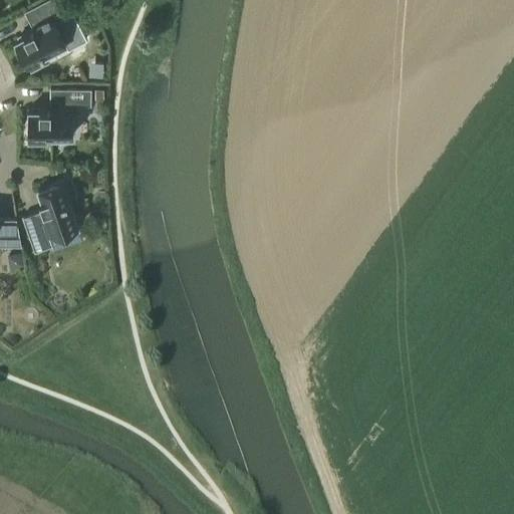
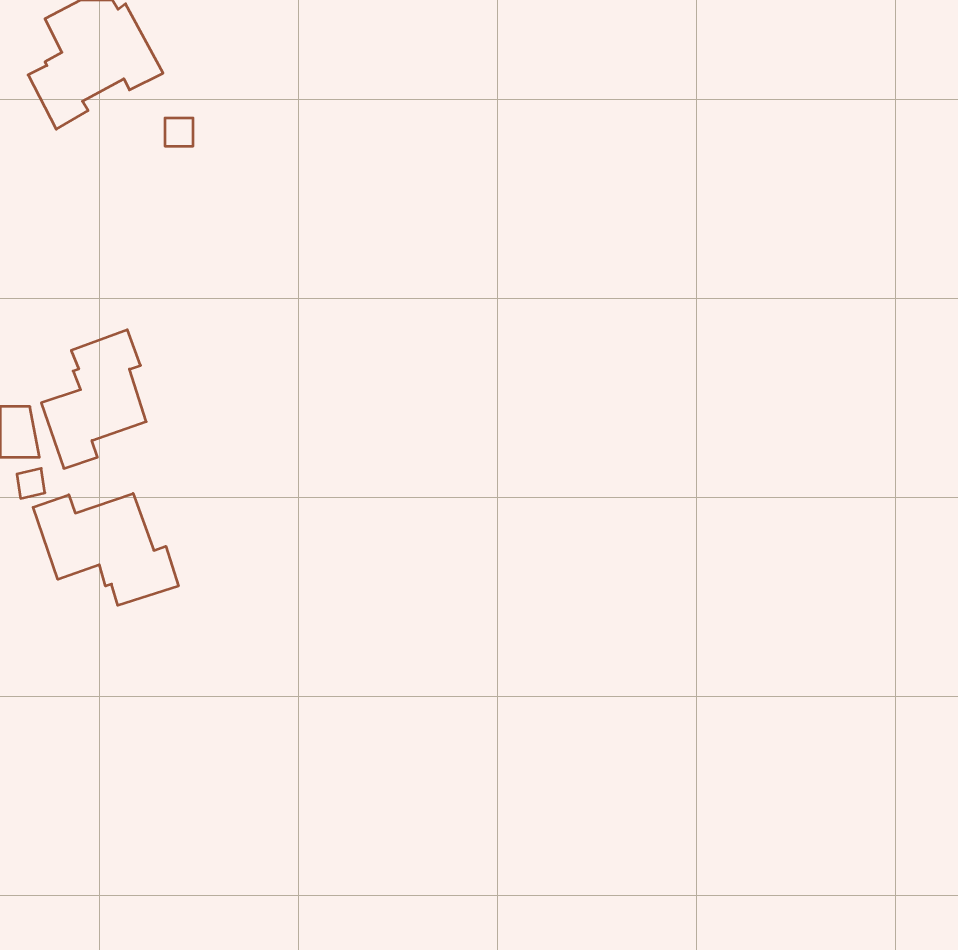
building: [28,91,91,146] -> none
building: none -> [33,493,178,605]

